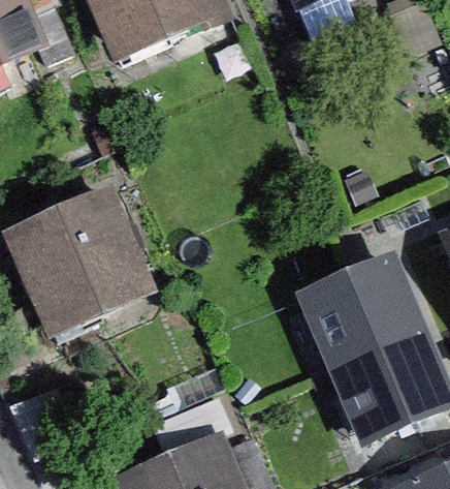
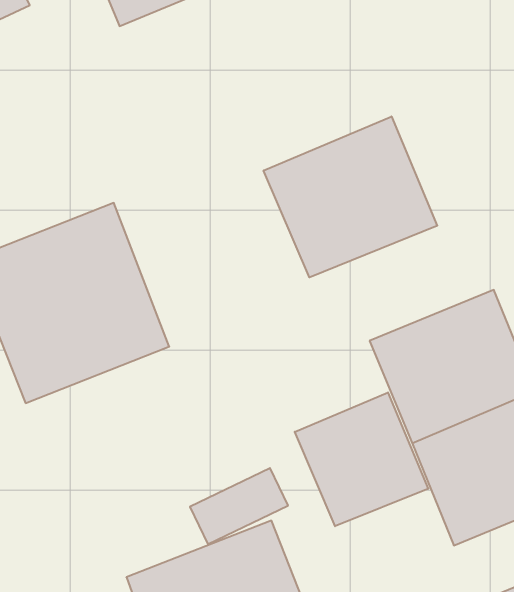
building: none -> [264,116,437,277]
building: none -> [295,392,428,526]

